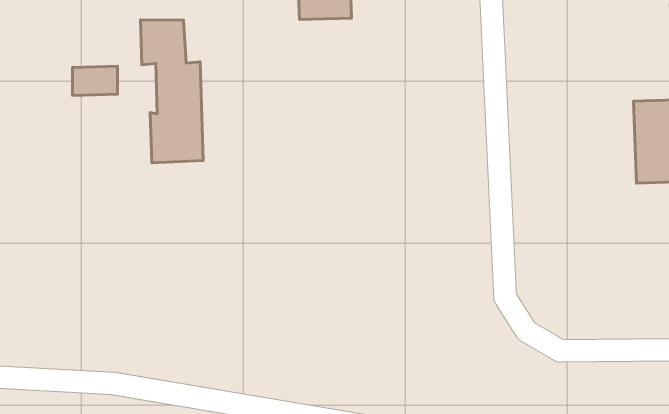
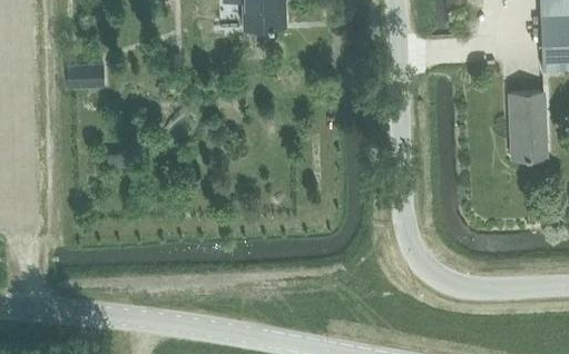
building: [141,20,203,163] -> none

